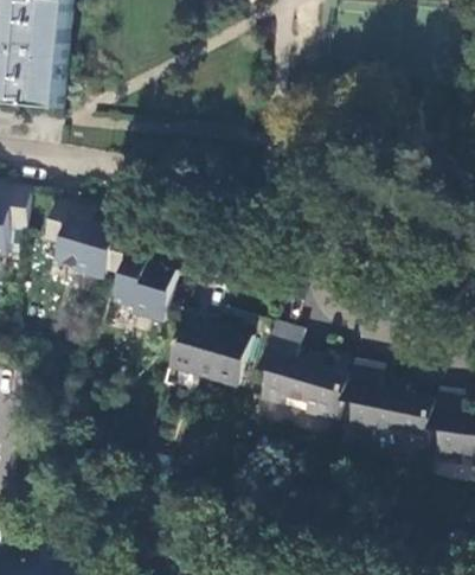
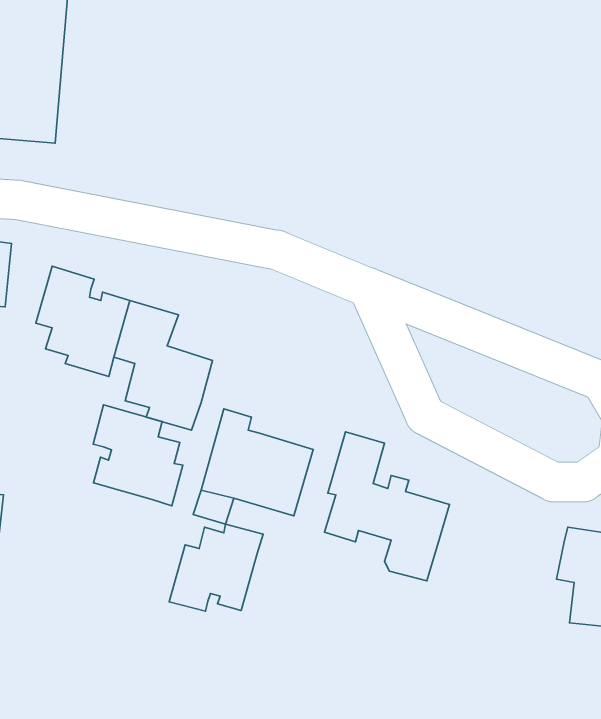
building: none -> [93,405,183,506]
building: [341,362,432,447] -> none
building: none -> [169,524,263,611]

